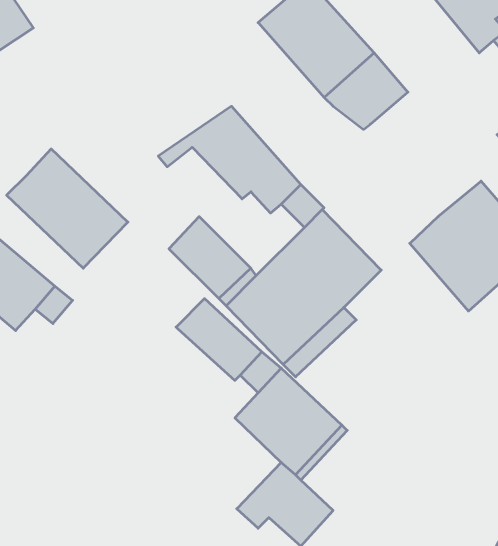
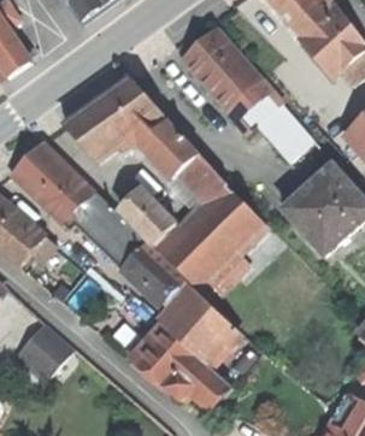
building: none -> [64,77,163,160]
building: none -> [257,104,313,160]
building: none -> [63,189,146,269]
building: none -> [17,322,71,377]
building: none -> [133,324,196,389]

